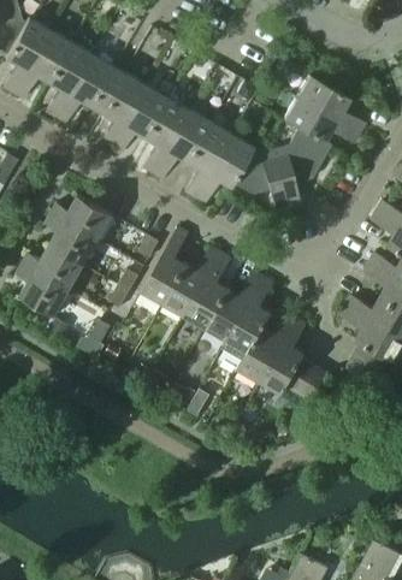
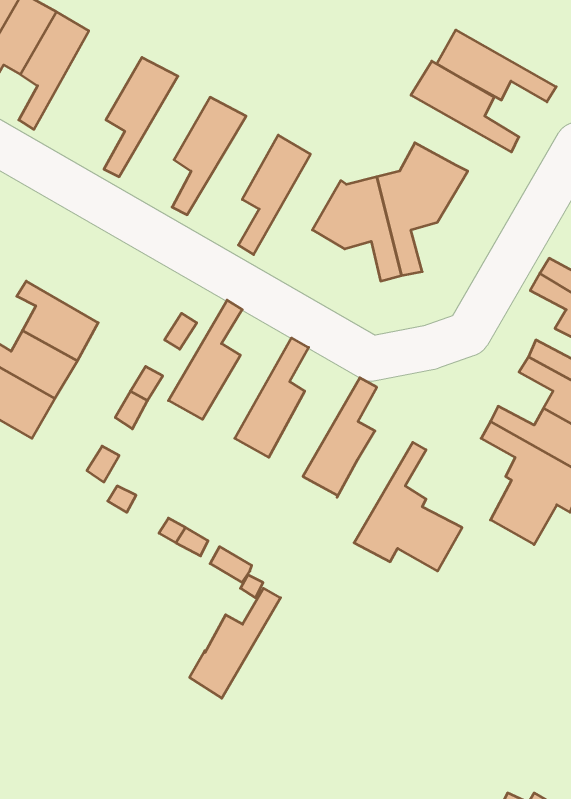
building: [55,57,113,124] -> none
building: [110,85,167,155] -> none
building: [283,97,359,143] -> [437,30,556,102]
building: [153,111,211,179] -> none
building: [195,135,253,205] -> none
building: [51,195,112,242] -> none
building: [162,247,219,315] -> none
building: [205,271,262,339] -> none
building: [238,312,296,381] -> [190,588,281,698]

